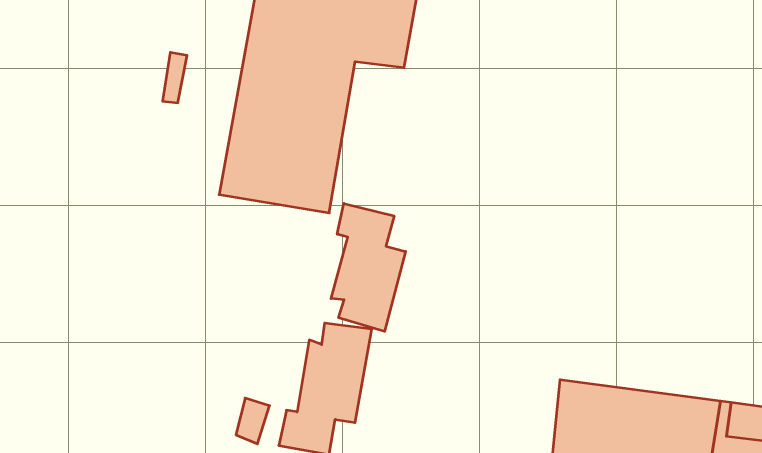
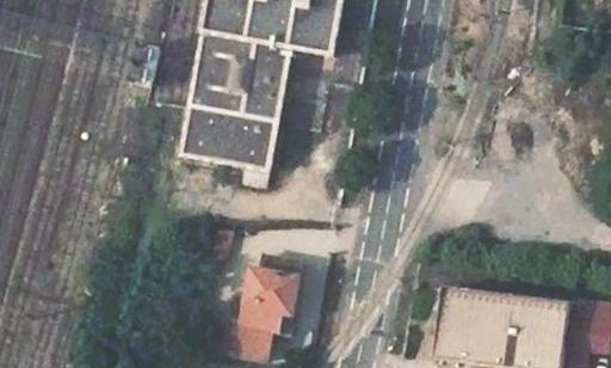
building: [331,203,406,331] -> none

